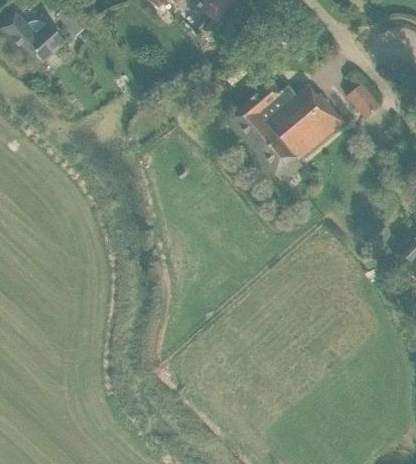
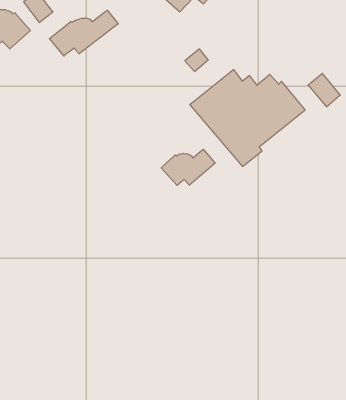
building: none -> [49,10,118,56]
building: none -> [161,149,215,185]

